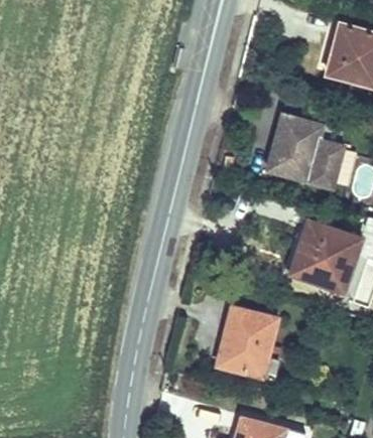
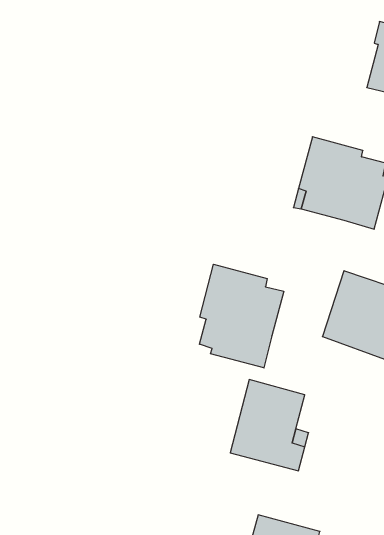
building: none -> [199,264,284,368]

